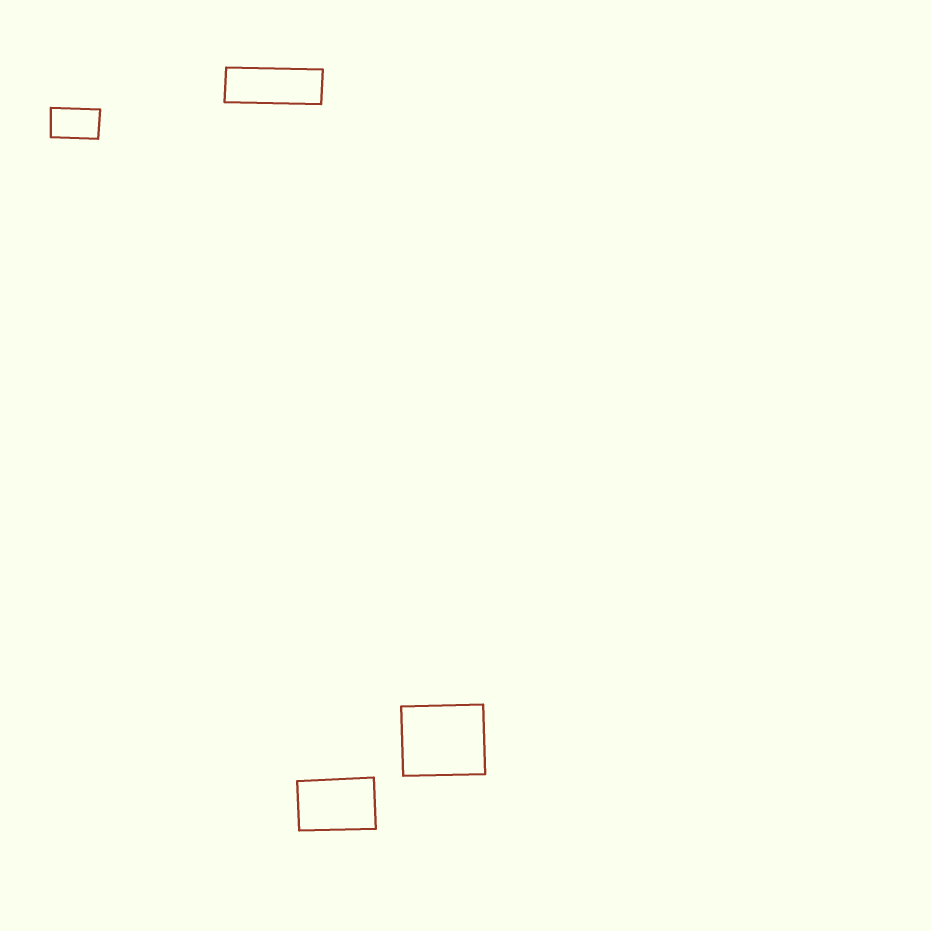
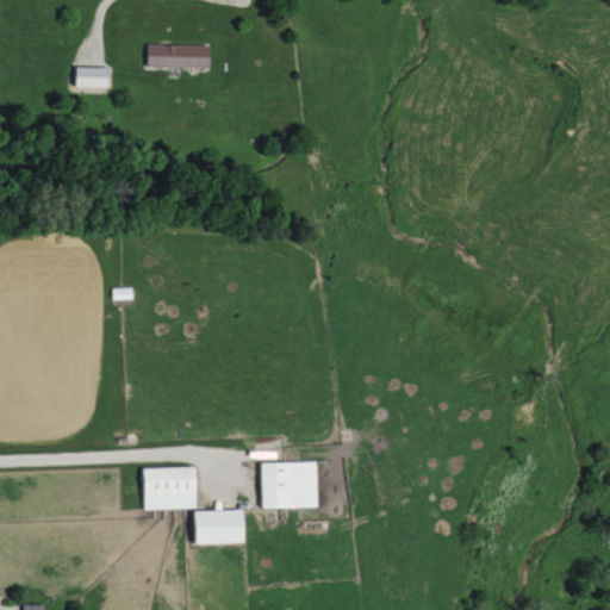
building: [51,108,100,139] -> [76,68,108,88]
building: none -> [144,466,198,509]

